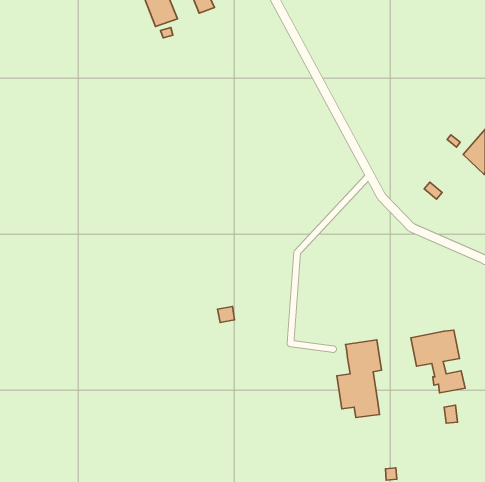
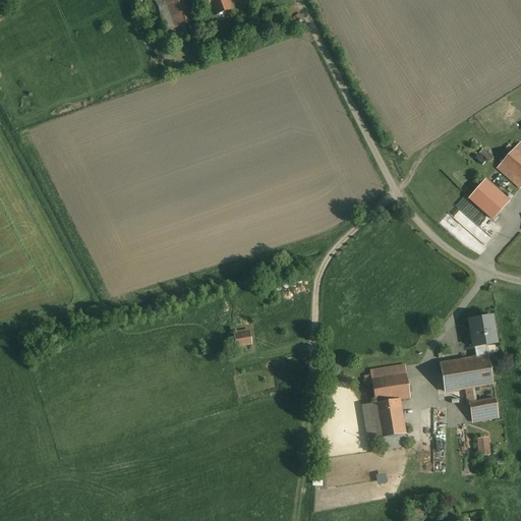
building: none -> [470,177,511,218]
building: none -> [469,314,496,355]

